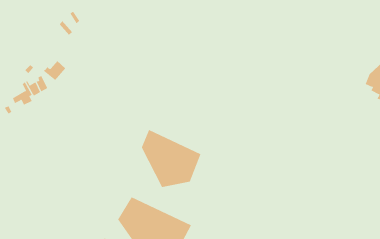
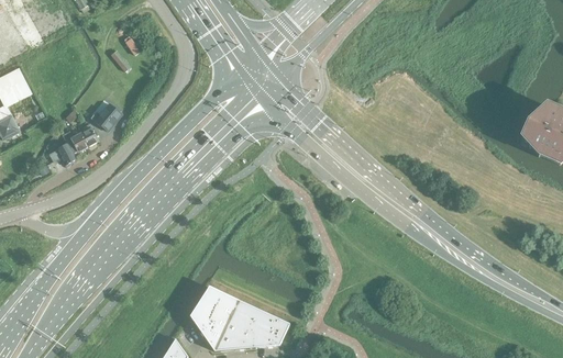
building: [141,129,201,188] -> none

